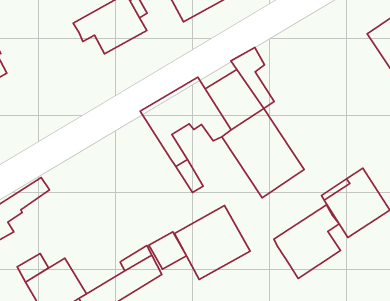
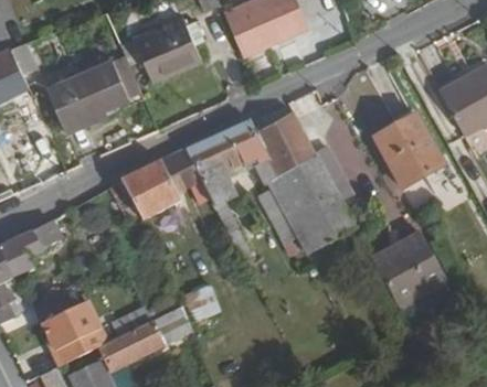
building: none -> [44,57,139,129]
building: none -> [374,114,444,189]
building: none -> [120,149,211,221]
building: [274,205,341,279] -> none
building: [174,206,250,280] -> none

